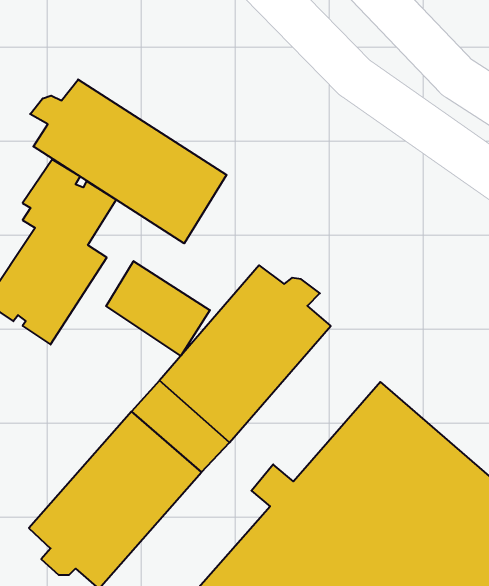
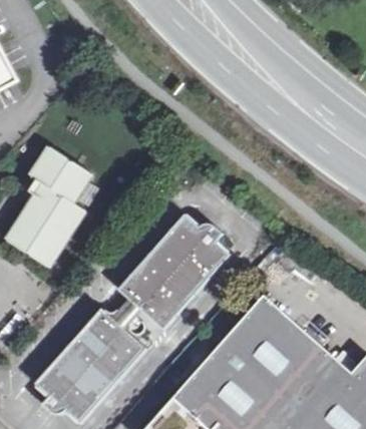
building: [30,79,227,243] -> none
building: [106,261,210,356] -> none

